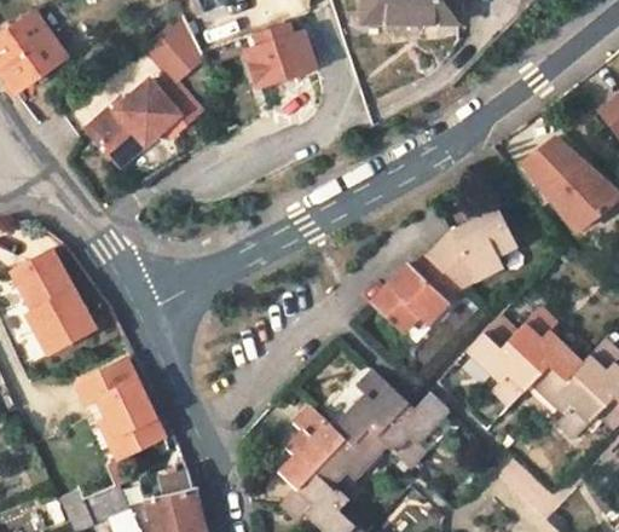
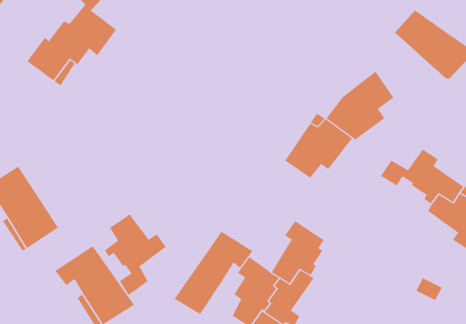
building: none -> [104,213,166,296]
building: [467,332,538,406] -> none
building: none -> [174,231,253,315]
building: [381,393,447,467] -> none

